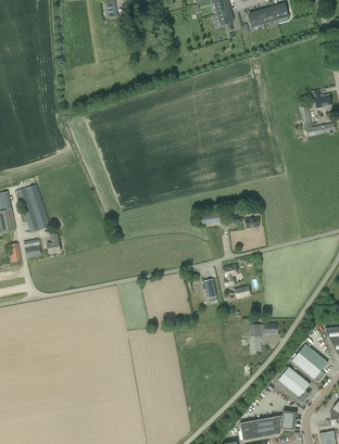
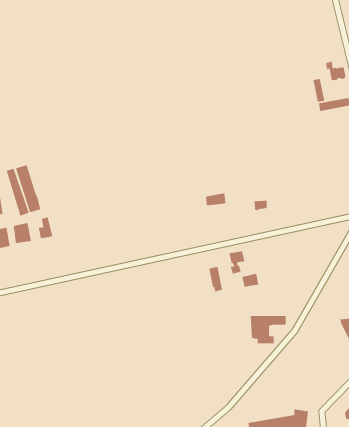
building: [291,343,328,382] -> none
building: [278,366,310,401] -> none

